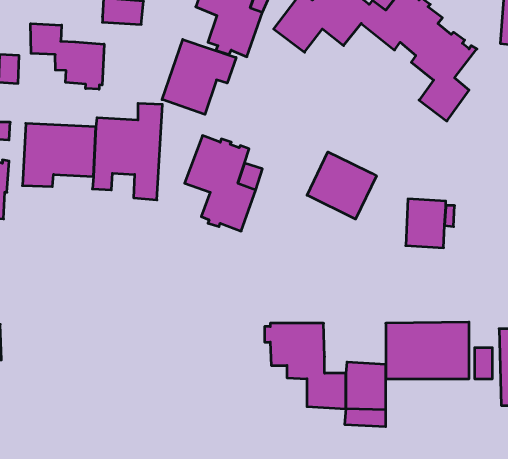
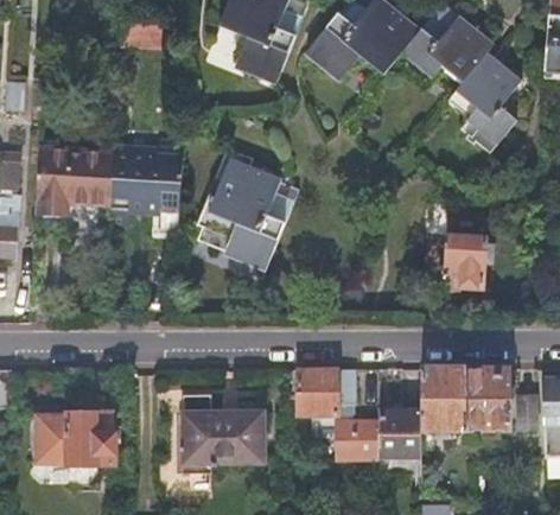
building: [31,24,104,89] -> none
building: [162,39,236,114] -> none
building: [307,152,376,219] -> none
building: none -> [183,392,266,470]
building: none -> [31,409,115,479]

